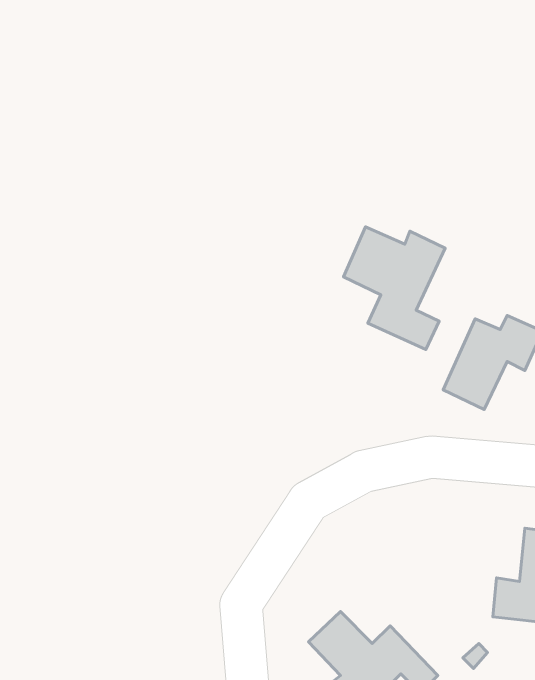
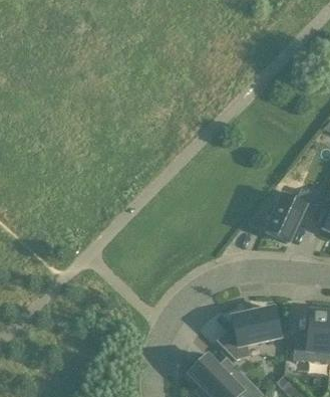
building: [343,227,445,349] -> none
building: none -> [216,308,280,360]

